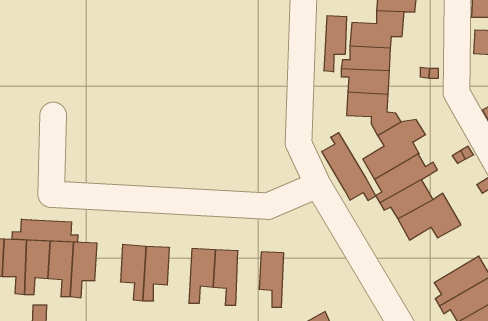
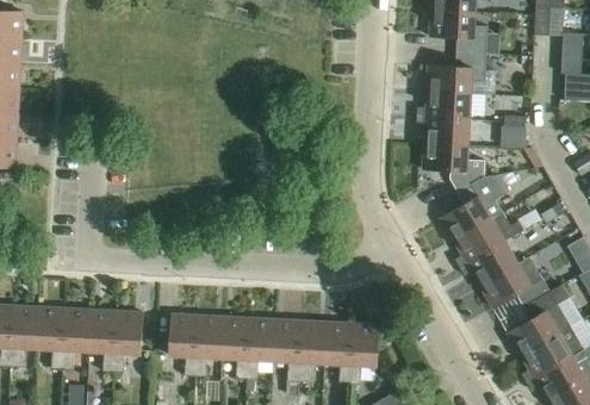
building: [324,16,347,72] -> none
building: [322,133,376,201] -> none
building: none -> [507,282,570,355]
building: [12,219,78,242] -> none
building: none -> [222,316,249,378]
building: none -> [298,319,327,381]
building: none -> [349,322,379,384]

